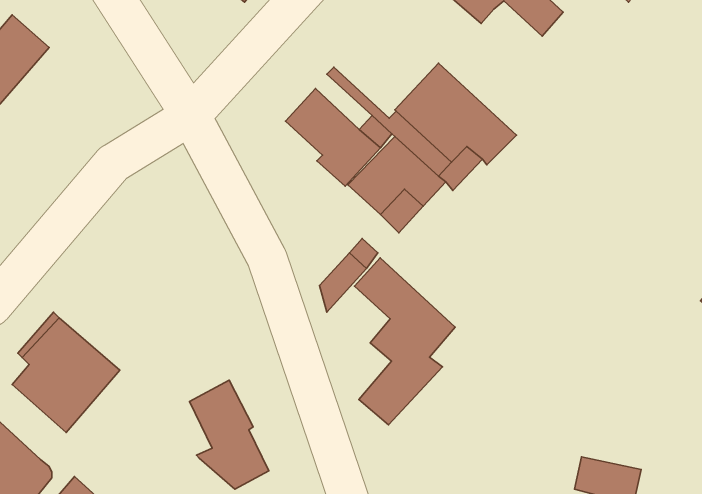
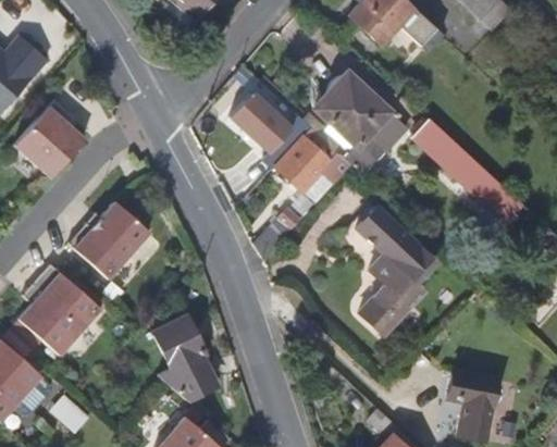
building: none -> [14,99,86,177]
building: none -> [410,117,518,219]
building: none -> [69,201,149,278]
building: [355,258,455,425] -> [356,207,433,335]

